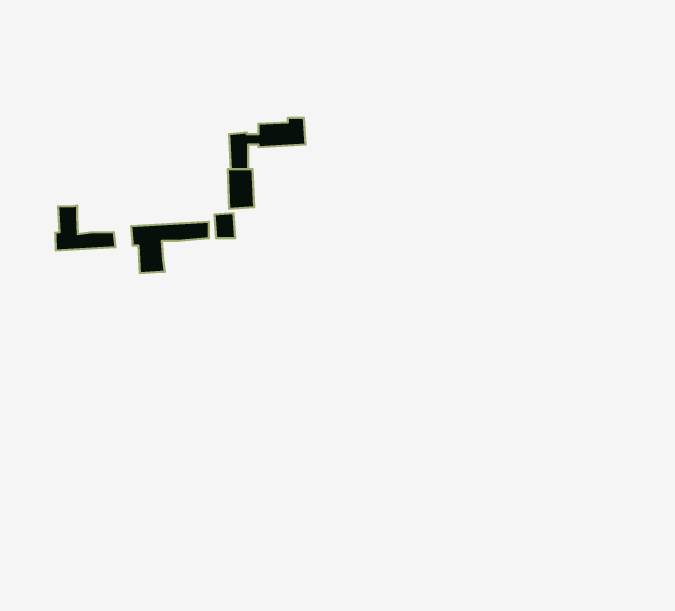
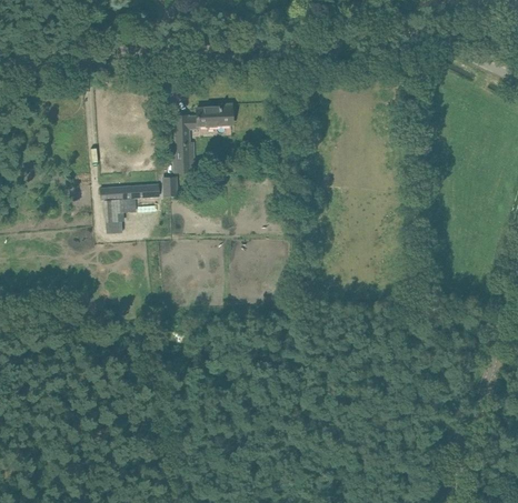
building: [55,206,115,250] -> none

